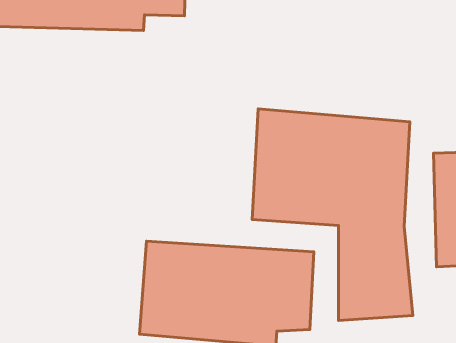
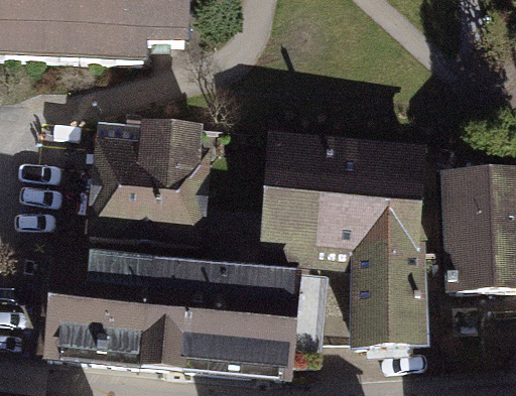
building: none -> [94,121,214,235]
building: none -> [38,263,153,367]

